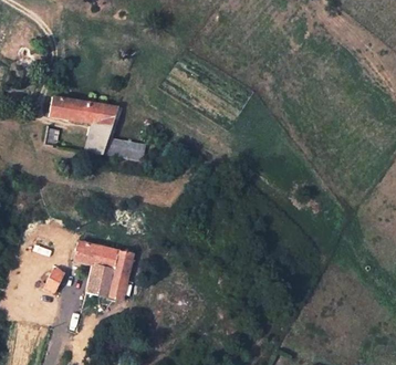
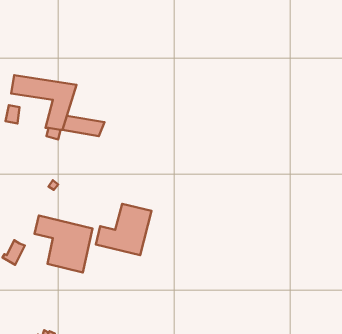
building: none -> [96,204,152,255]

